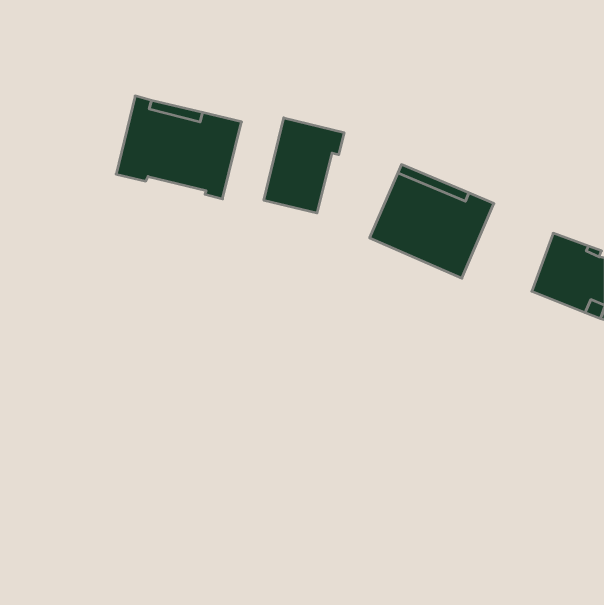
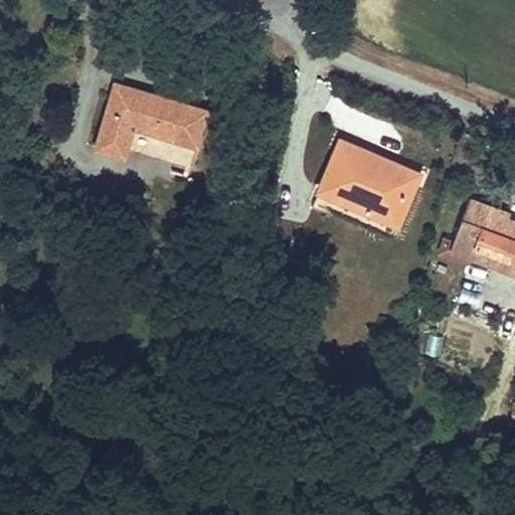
building: [264,118,344,213] -> none

